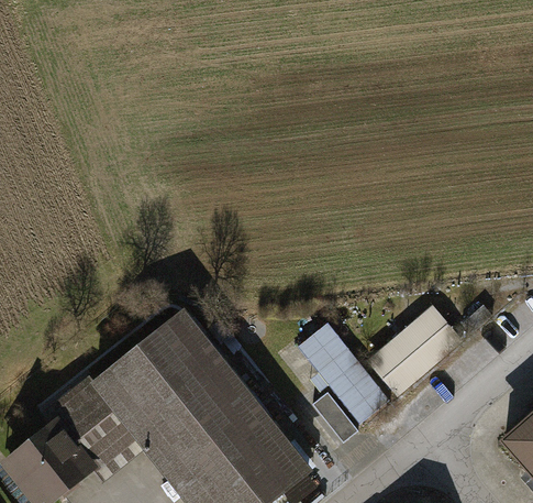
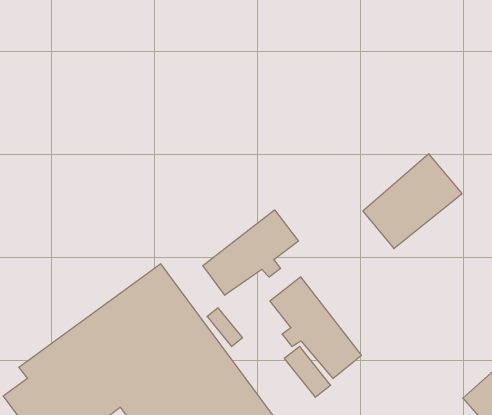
building: none -> [203,210,298,295]
building: [366,305,465,400] -> [363,154,462,249]

